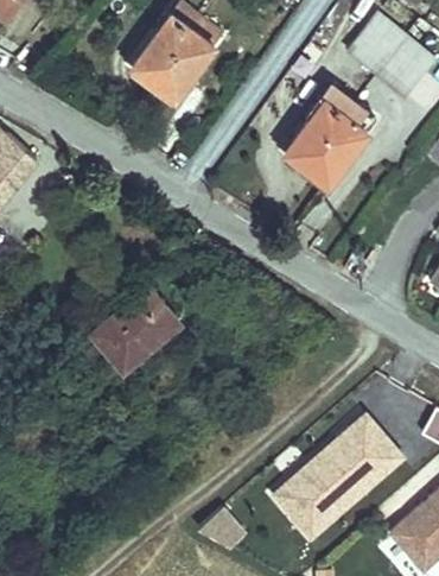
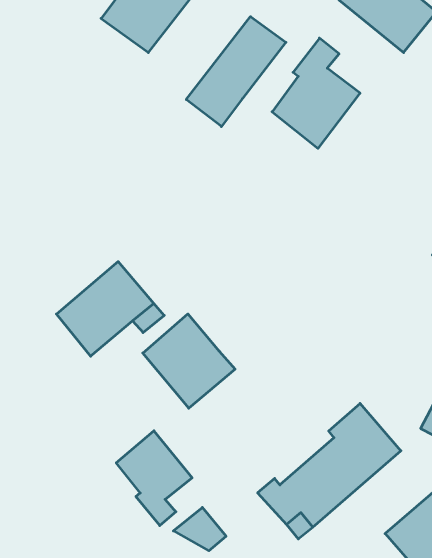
building: none -> [186,17,286,127]
building: none -> [143,314,235,408]
building: none -> [116,431,192,526]

